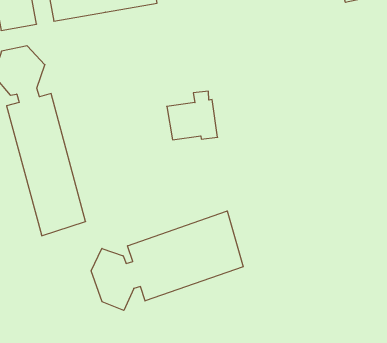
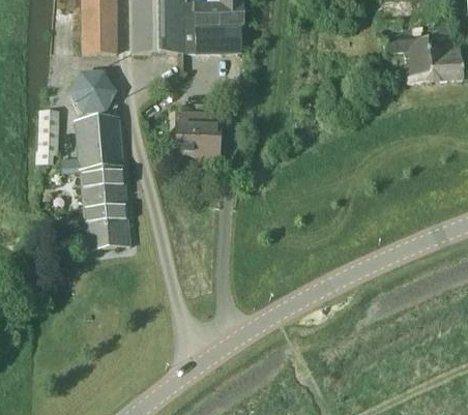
building: [167,91,218,140] -> [176,114,220,159]
building: [91,211,243,310] -> none

